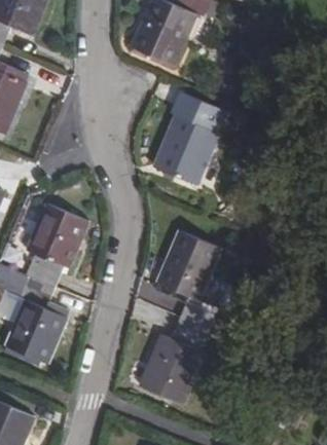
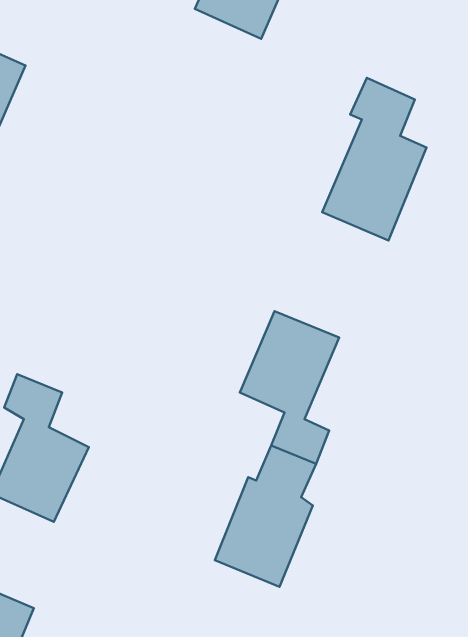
building: [153,84,218,185] -> [322,78,427,241]
building: [22,202,84,285] -> none

